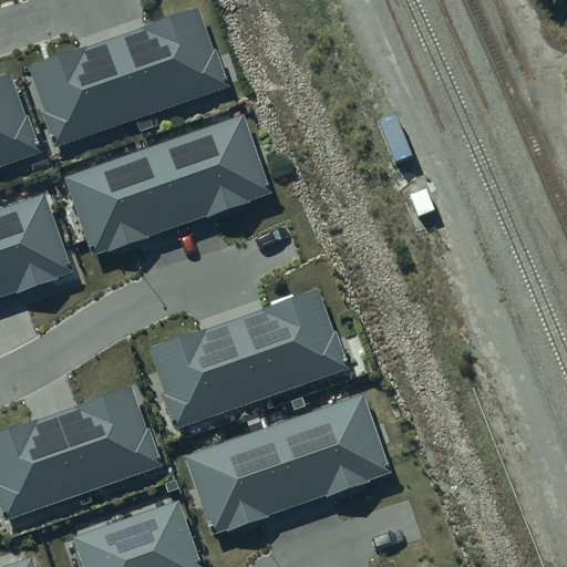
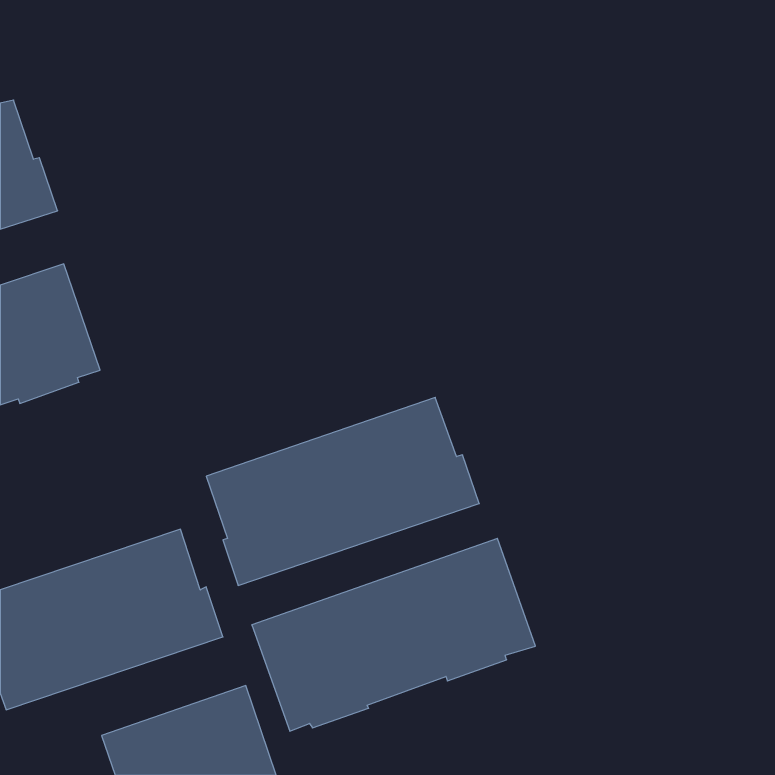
building: [30,7,230,147] -> none
building: [63,115,270,256] -> none

